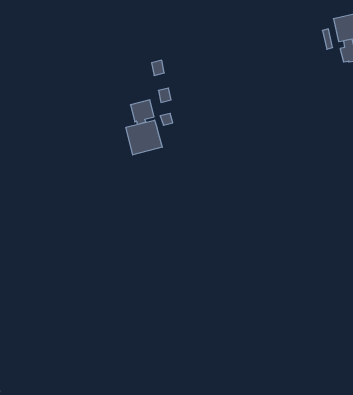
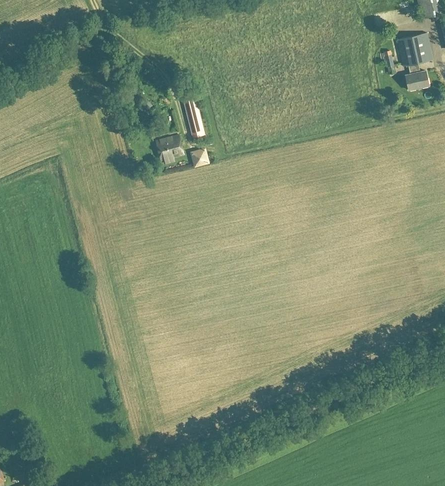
building: [126,120,162,155] -> none

